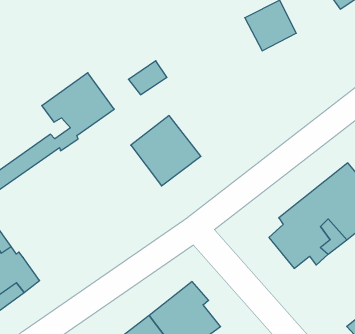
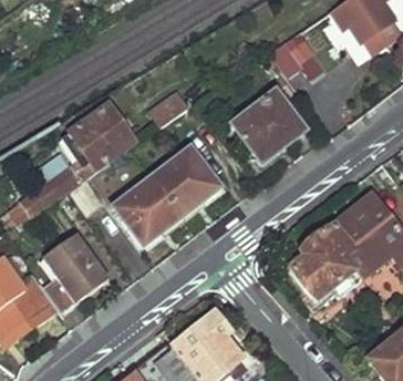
building: none -> [232,90,306,161]
building: none -> [112,176,183,247]
building: none -> [43,236,112,315]

